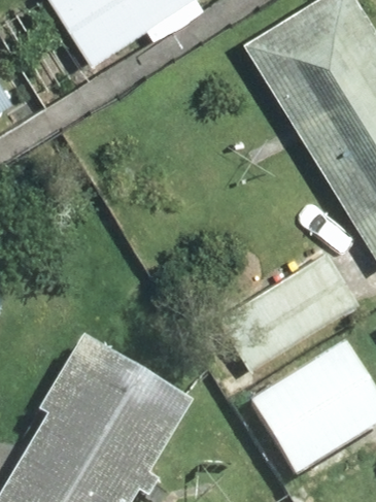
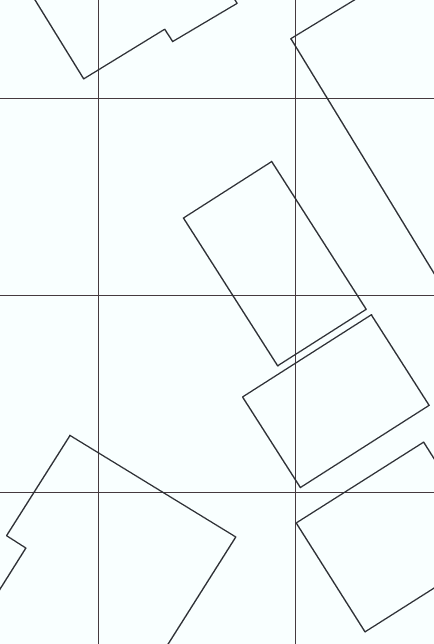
building: none -> [183,161,366,366]

